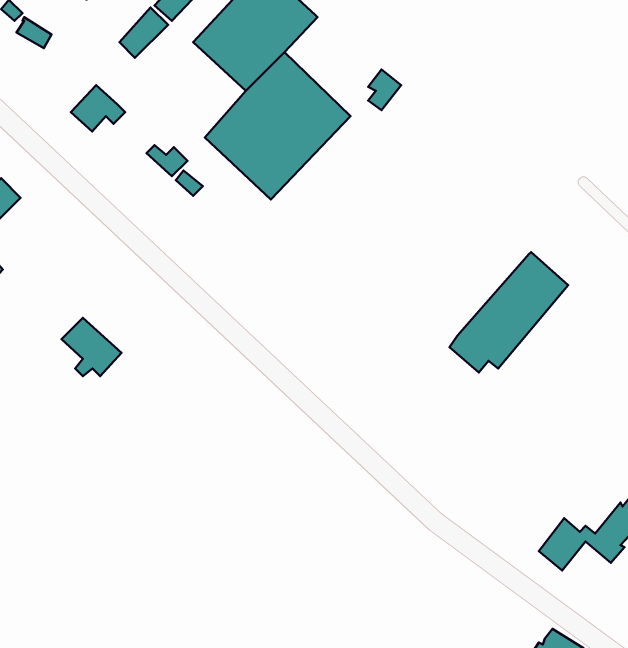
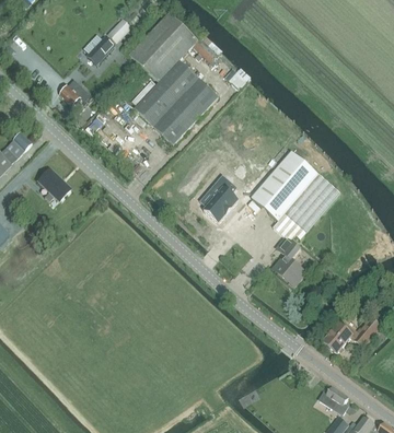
building: none -> [250,152,317,221]
building: none -> [202,172,246,221]
building: [61,318,122,376] -> [36,168,70,201]
building: none -> [275,242,301,284]

